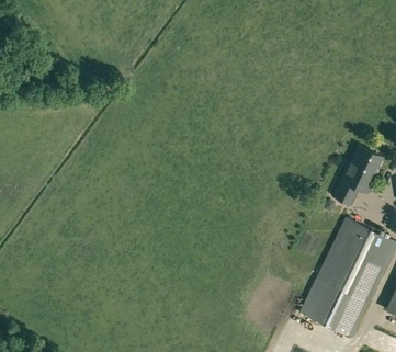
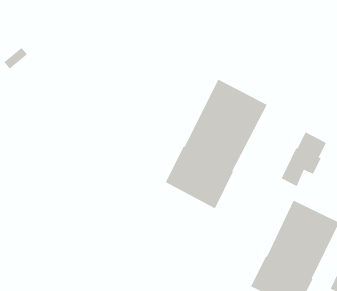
building: none -> [165,79,268,209]

